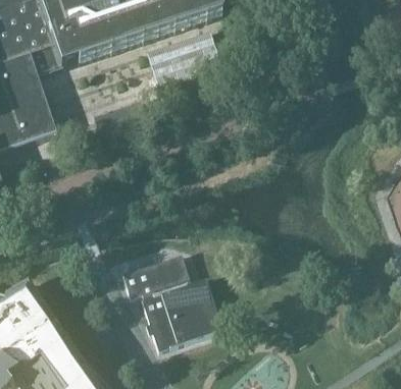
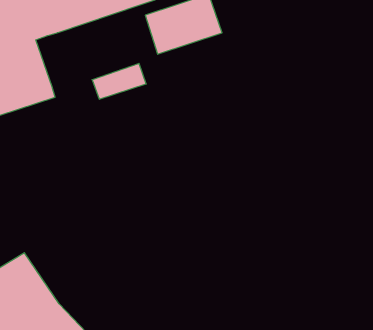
building: [120,251,220,346] -> none

